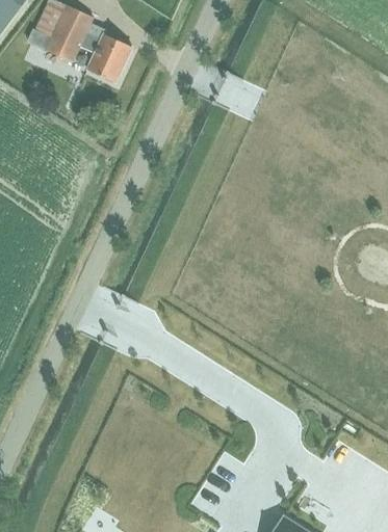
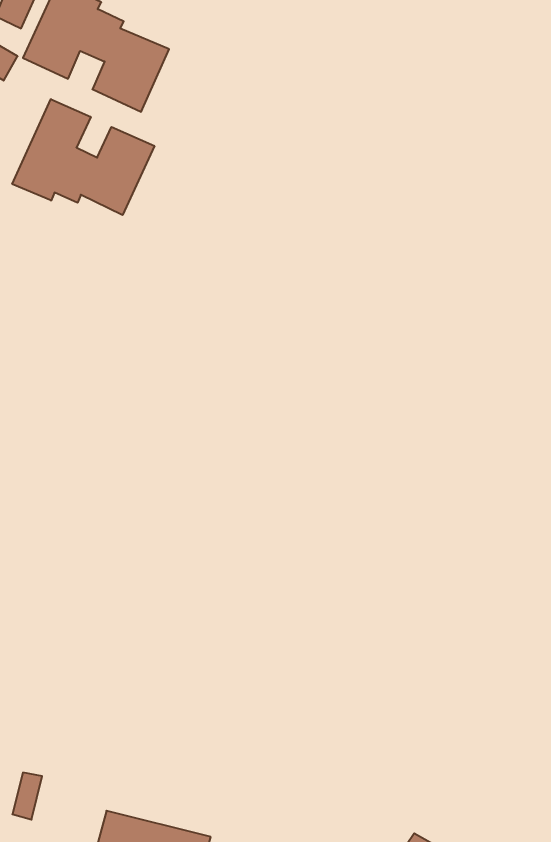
building: none -> [12,99,154,215]

